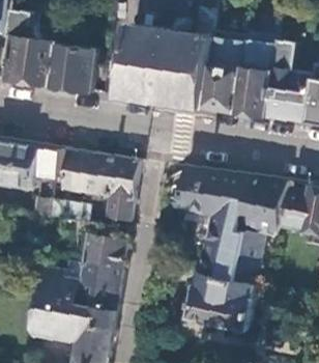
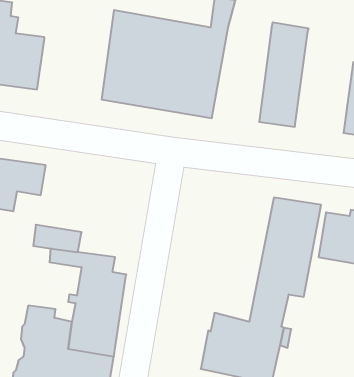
building: [196,33,245,112] -> none
building: [265,38,309,121] -> none
building: [50,43,96,91] -> none
building: [61,149,138,218] -> none
building: [177,166,248,279] -> none

